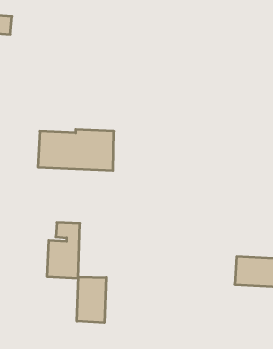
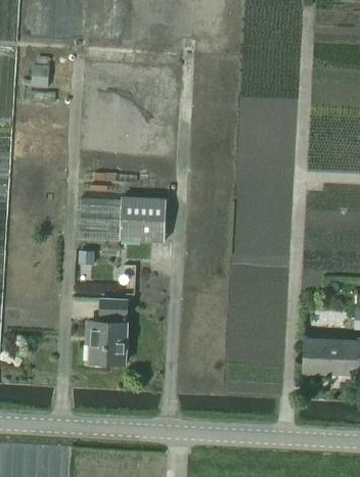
building: [77,277,106,323] -> none

